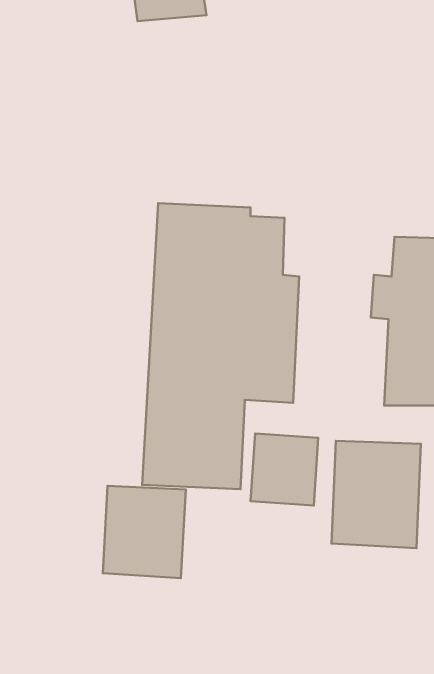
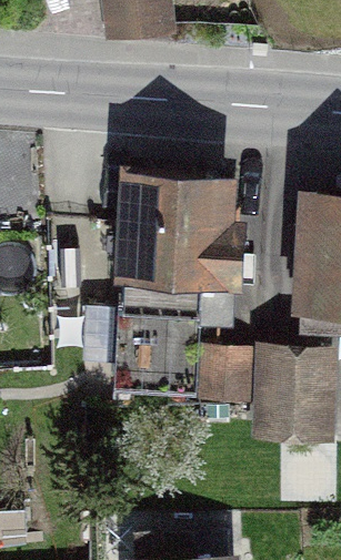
building: [103,486,186,578] -> none

